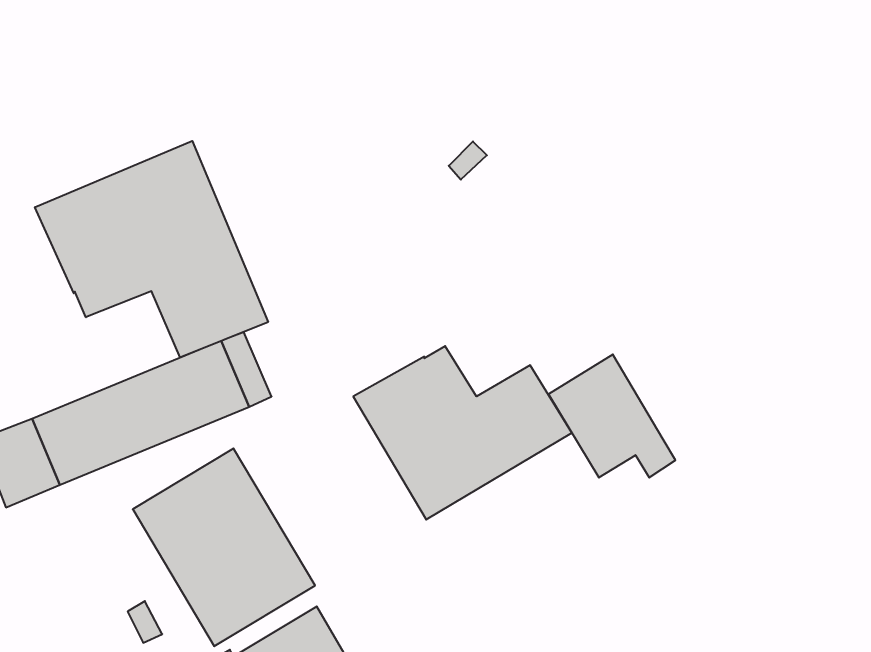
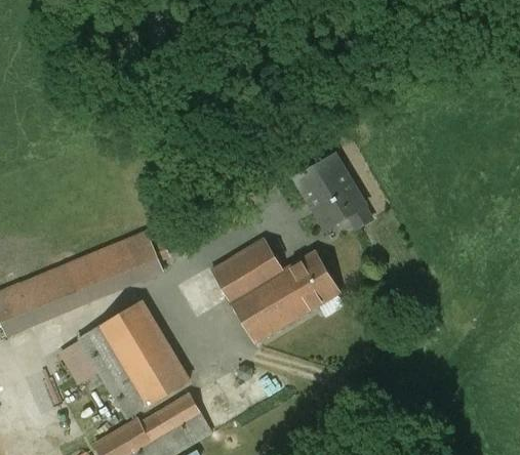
building: [35,141,268,357] -> none
building: [549,354,675,478] -> [296,155,371,228]

